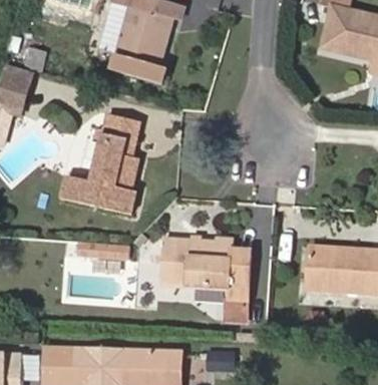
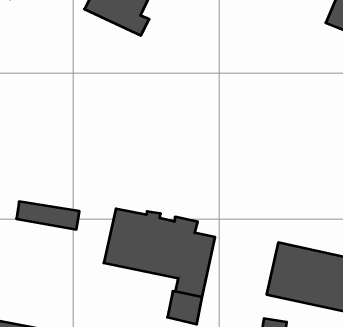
building: [61,112,142,217] -> none

